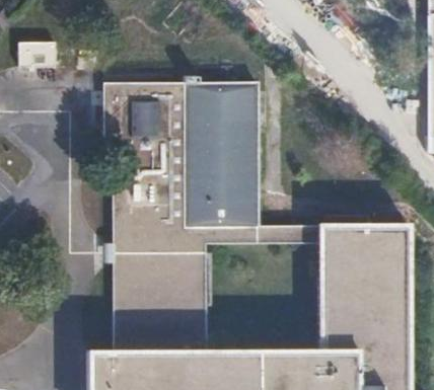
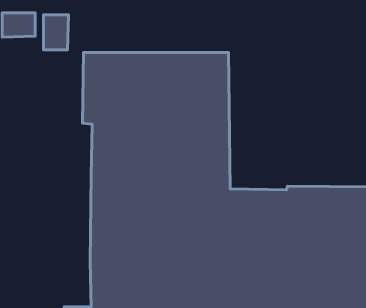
building: none -> [44,15,69,50]

